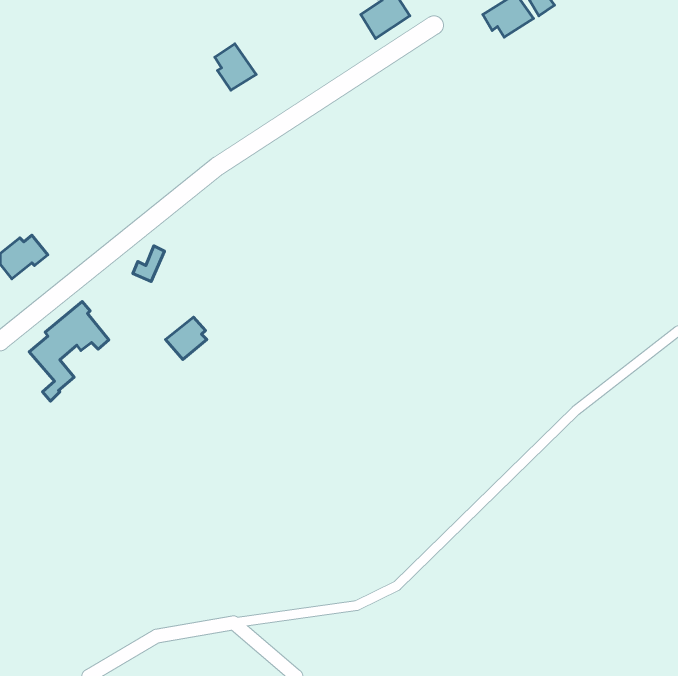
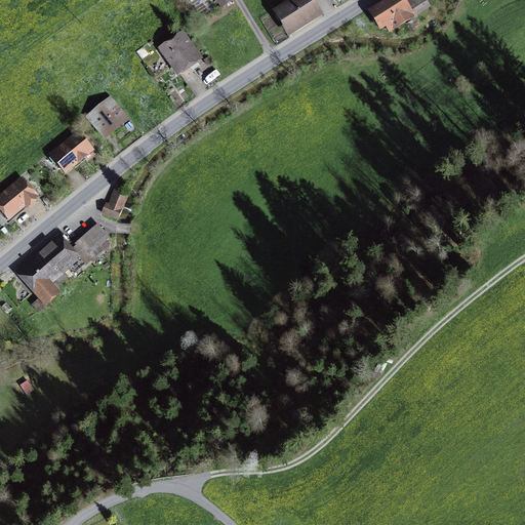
building: none -> [88,99,123,131]
building: none -> [52,132,91,172]
building: [166,317,207,360] -> [77,225,109,257]

